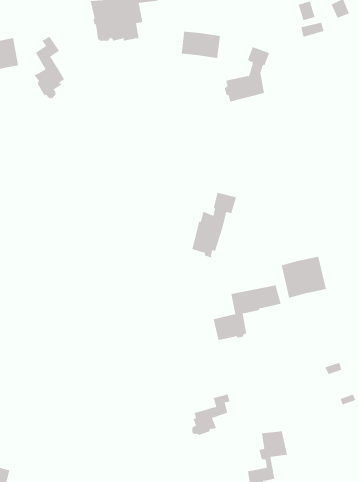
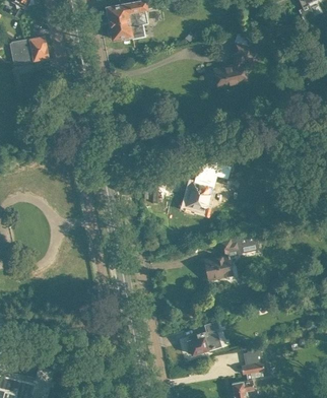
building: [181,31,220,59] -> none
building: [34,36,65,100] -> none
building: [281,256,326,298] -> none

